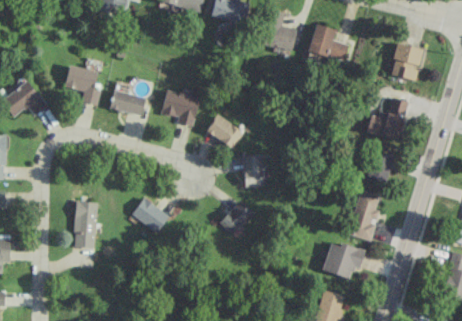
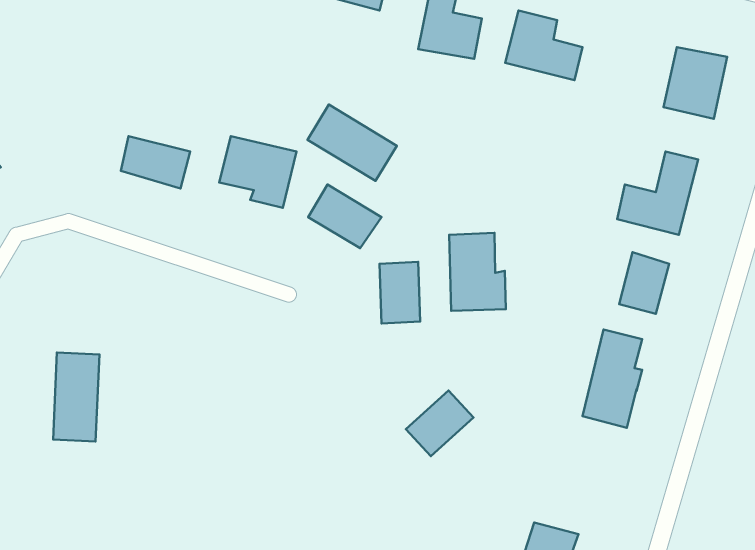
building: [64,65,100,105] -> none
building: none -> [308,104,397,181]
building: none -> [449,233,506,311]
building: [132,198,169,233] -> none
building: [219,201,254,235] -> [406,391,473,456]
building: [322,241,363,280] -> none

